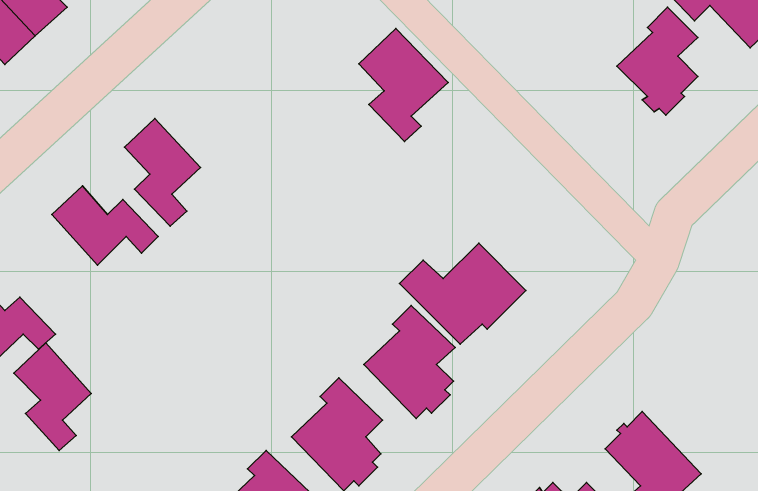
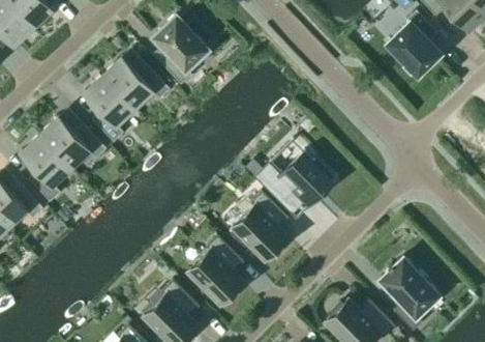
building: [359,29,448,141] -> [154,17,209,86]
building: none -> [103,59,171,107]
building: [14,343,91,451] -> [21,136,68,202]

